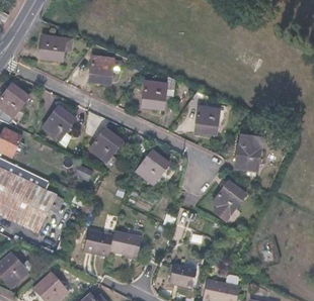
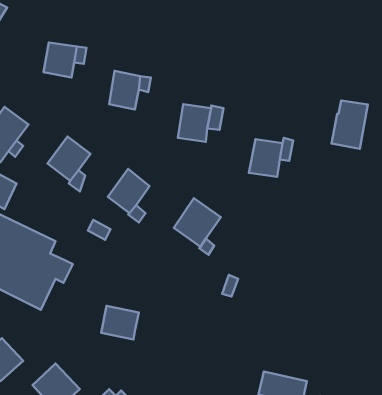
building: [235,134,262,171] -> [332,100,368,149]
building: [211,180,244,219] -> none
building: [109,230,142,256] -> none
building: [169,265,197,286] -> none

